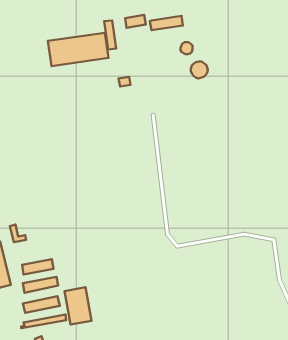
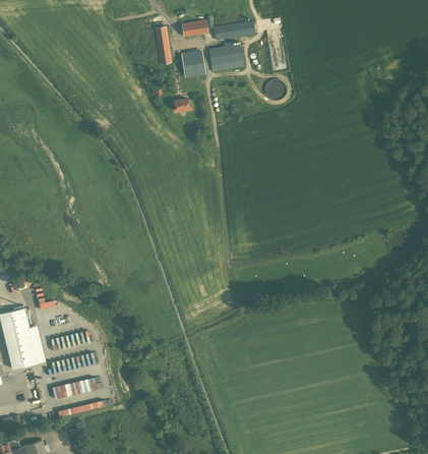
building: none -> [208,43,243,70]
building: [48,33,109,66] -> none
building: none -> [181,52,204,77]
building: [64,287,92,324] -> none

